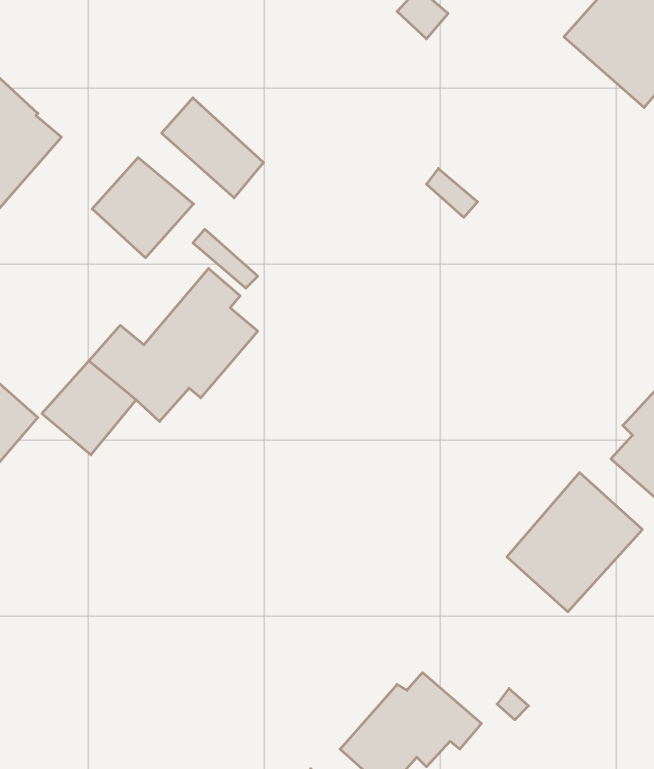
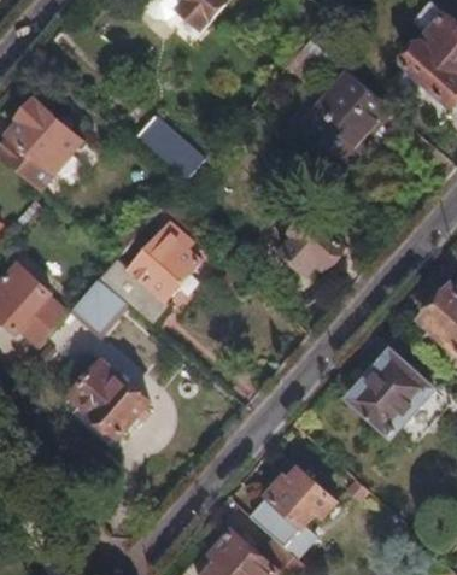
building: none -> [300,66,393,164]
building: [92,158,194,258] -> none
building: none -> [282,212,346,272]
building: none -> [68,365,145,446]

